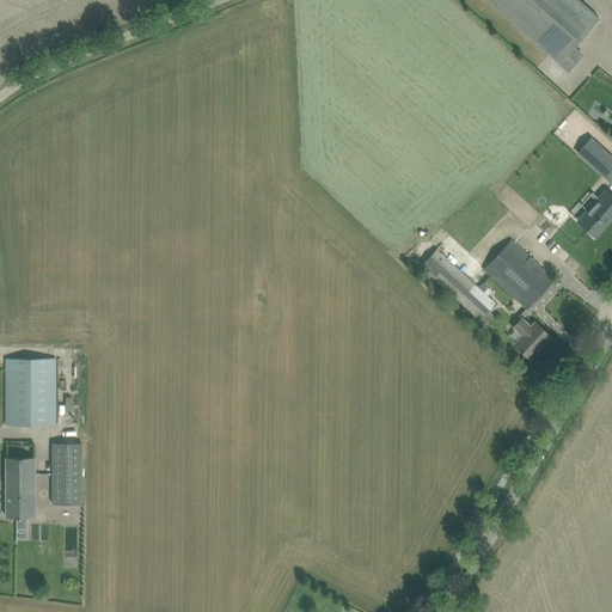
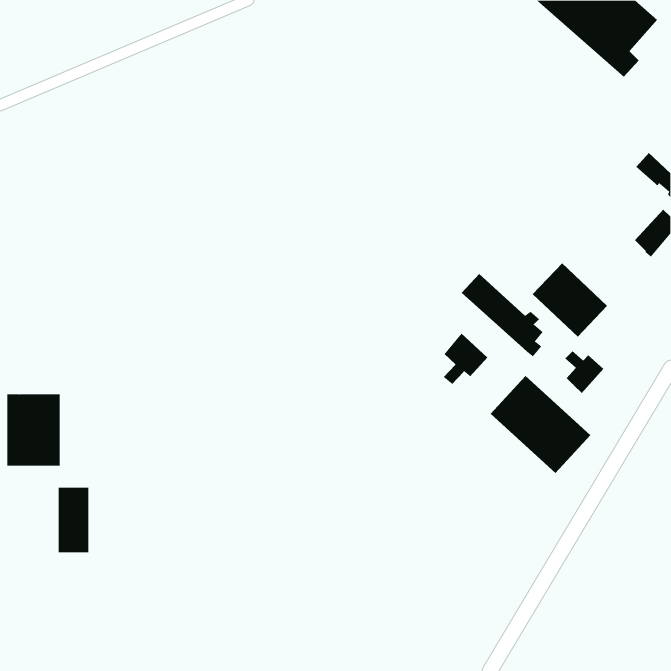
building: none -> [443,333,488,385]
building: none -> [490,375,591,474]
building: [6,457,35,525] -> none

